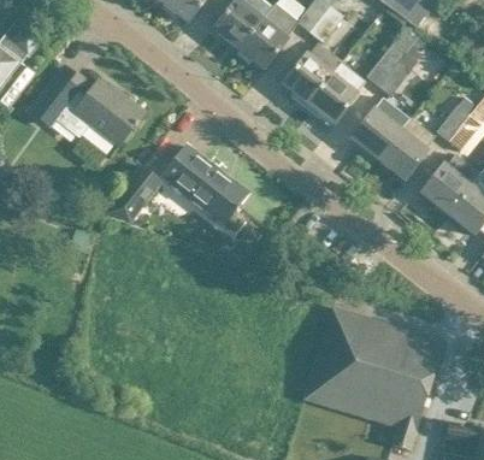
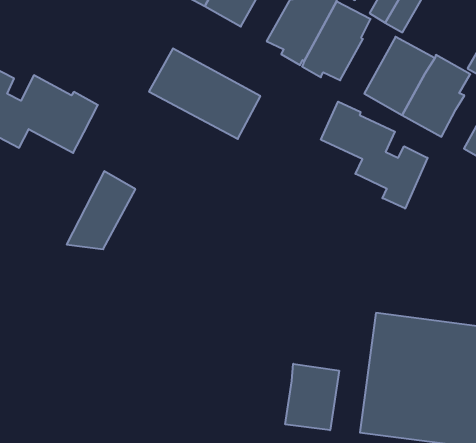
building: none -> [321,102,428,209]
building: [163,146,248,224] -> [149,48,260,139]
building: none -> [285,364,339,430]

